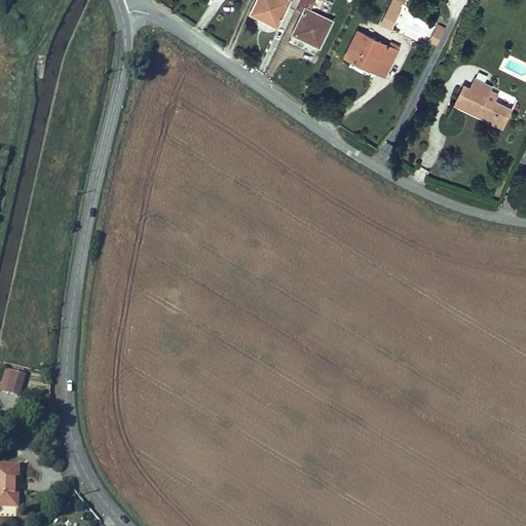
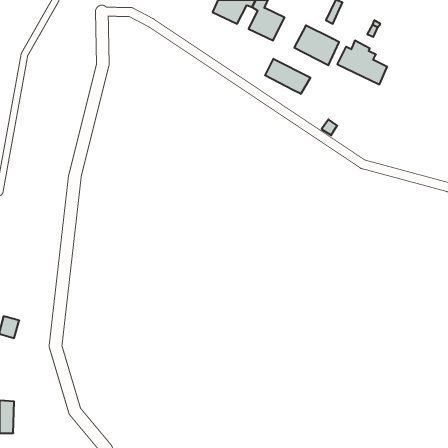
building: none -> [265,59,310,94]
building: [453,78,512,129] -> [337,41,387,84]

